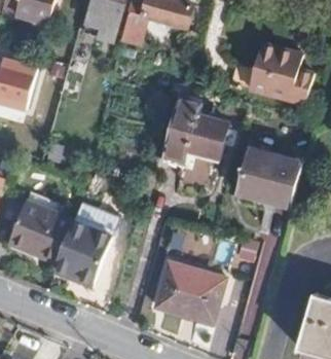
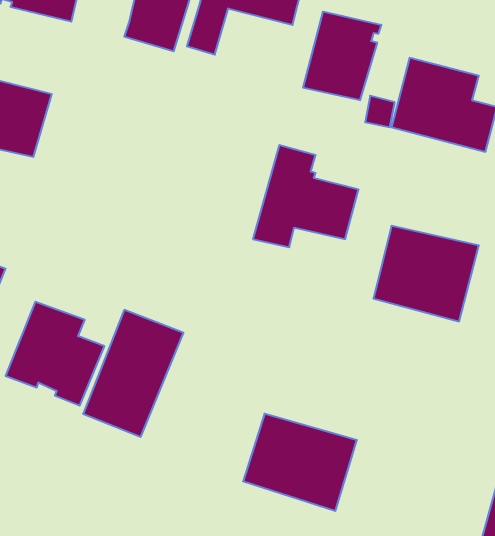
building: none -> [303,12,381,100]

